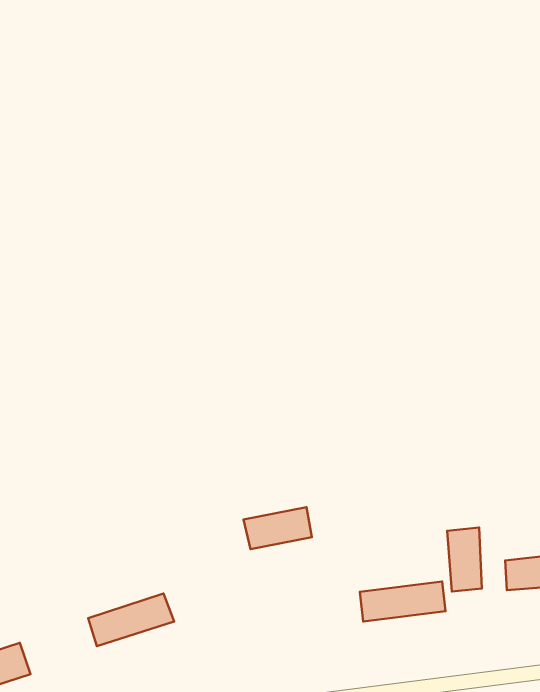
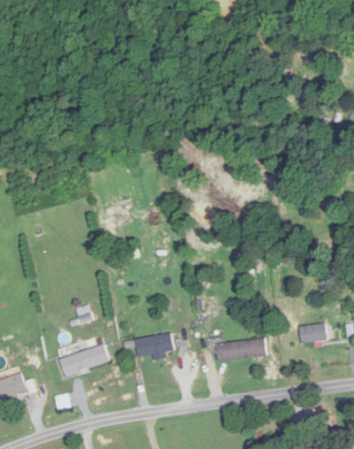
building: [243,507,312,549] -> [134,333,173,357]
building: [447,528,482,591] -> none

